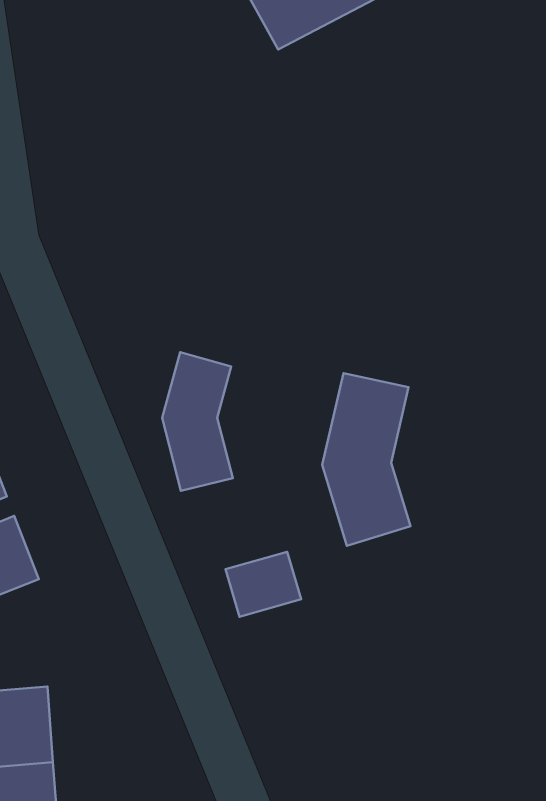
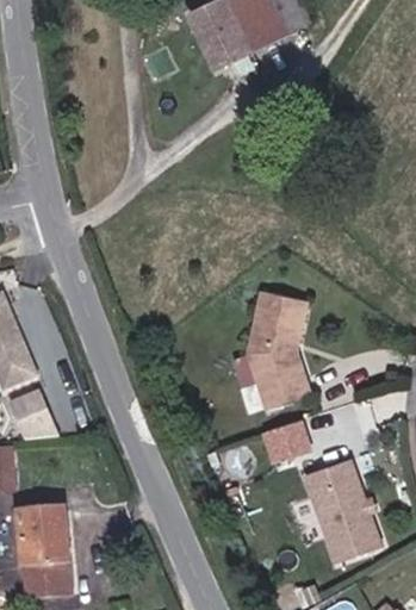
building: [162,352,233,491] -> none
building: [225,552,301,617] -> [260,418,311,462]
building: none -> [302,460,379,565]

